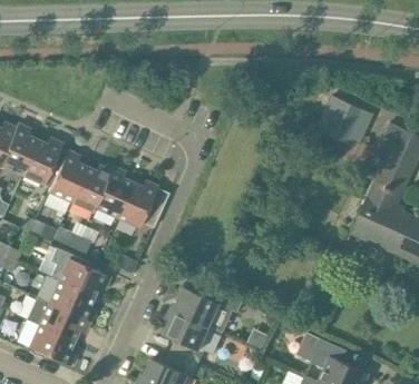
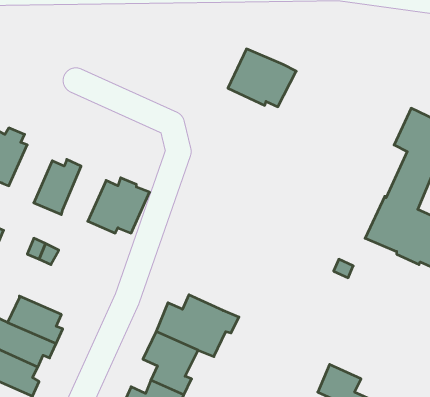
building: [315,95,373,144] -> [228,49,296,107]
building: [48,150,86,201] -> none
building: [95,167,131,217] -> none
building: [49,248,109,296] -> none

